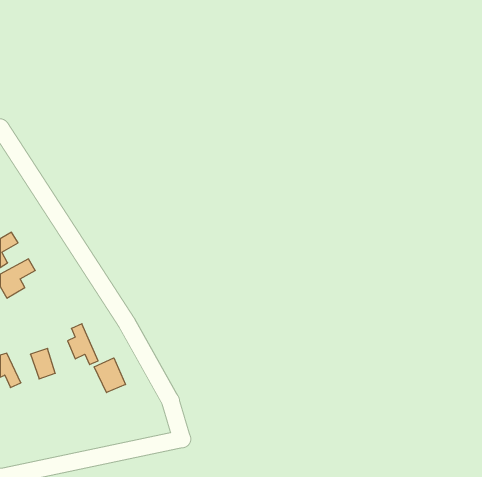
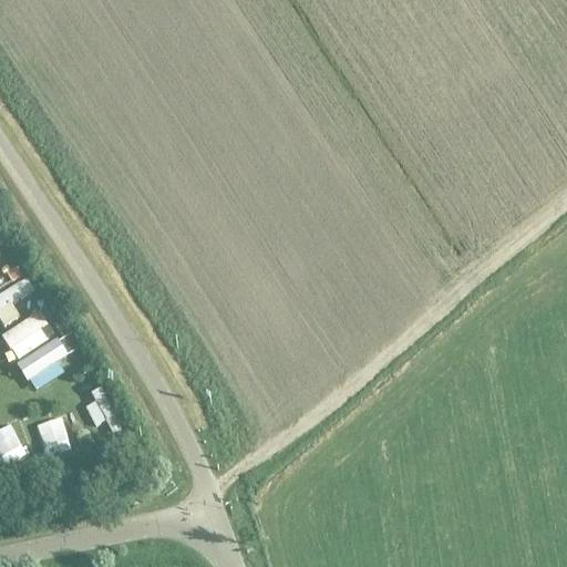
building: none -> [16,339,66,381]
building: [94,358,125,393] -> none

